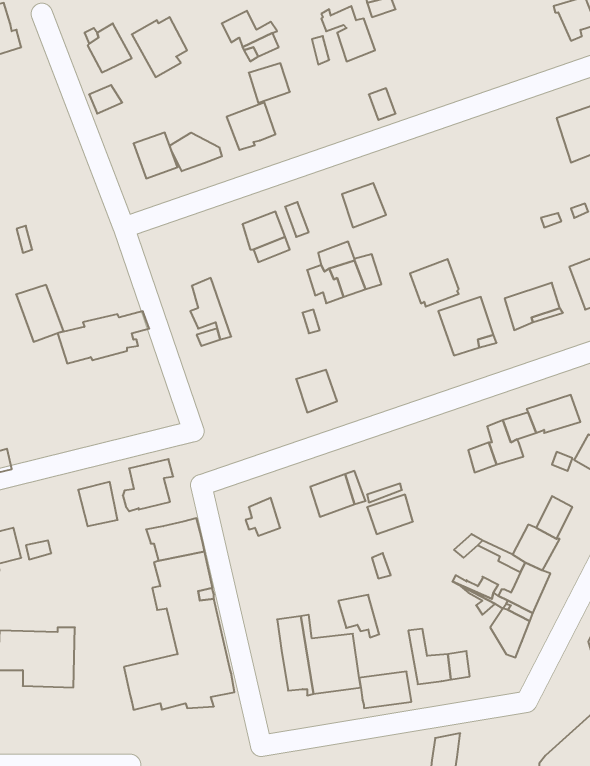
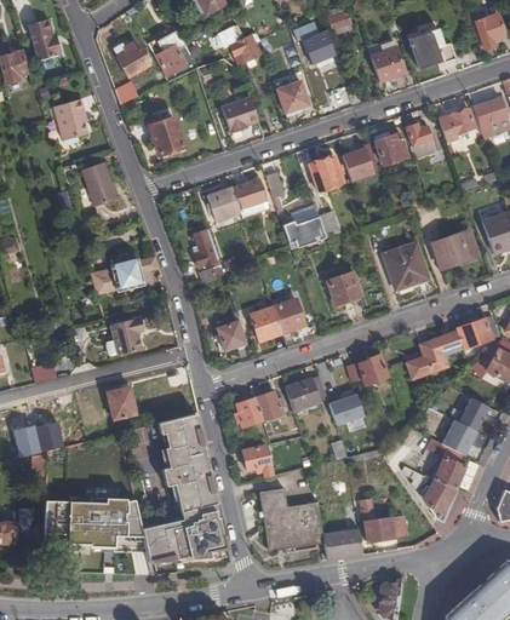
building: none -> [408,28,454,67]
building: none -> [369,47,405,81]
building: [249,63,290,103] -> [276,82,308,113]
building: none -> [55,98,88,139]
building: none -> [440,107,476,142]
building: [170,133,222,171] -> none
building: none -> [407,124,435,159]
building: none -> [373,131,408,165]
building: none -> [342,145,376,182]
building: none -> [208,188,240,219]
building: [410,259,459,307] -> [326,270,363,306]
building: [16,285,63,342] -> [81,161,118,205]
building: none -> [251,306,282,339]
building: none -> [214,321,245,349]
building: none -> [346,354,388,384]
building: [123,459,173,511] -> [107,316,145,356]
building: none -> [254,391,285,420]
building: [338,595,379,637] -> [241,444,273,477]
building: none -> [103,496,147,549]

